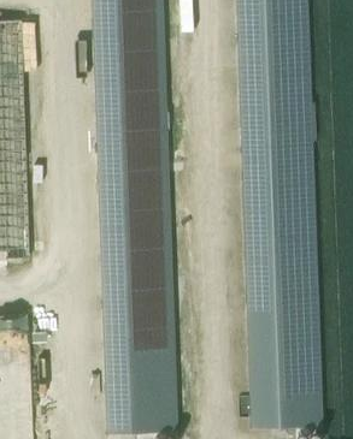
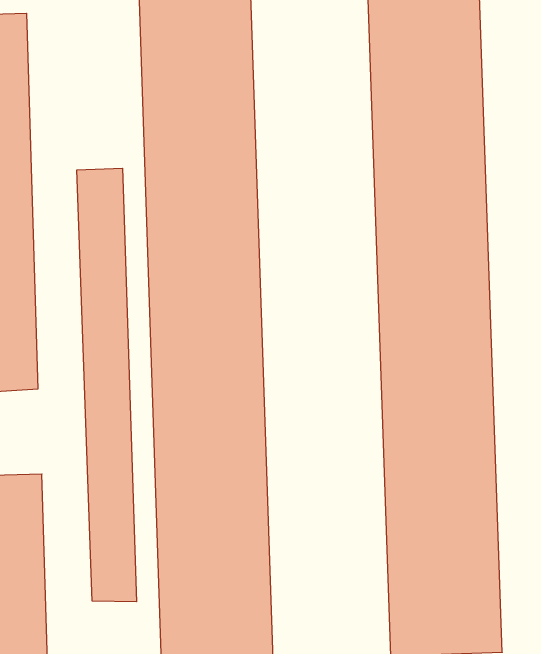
building: none -> [77,168,136,602]

